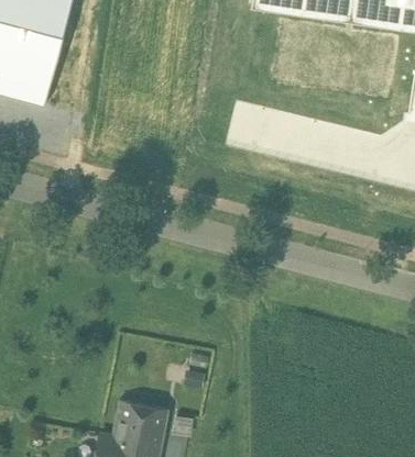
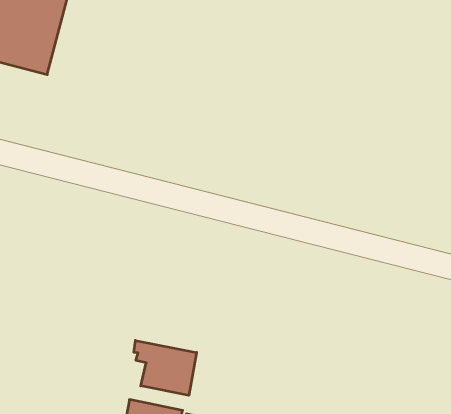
building: none -> [134,340,197,395]

